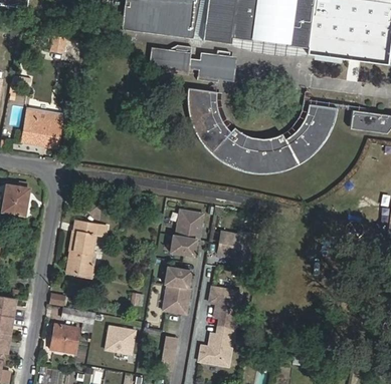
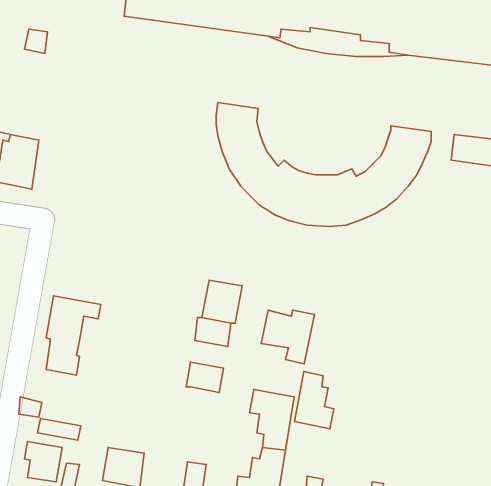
building: [148,44,235,79] -> none
building: none -> [295,371,334,429]
building: [164,284,191,314] -> none

